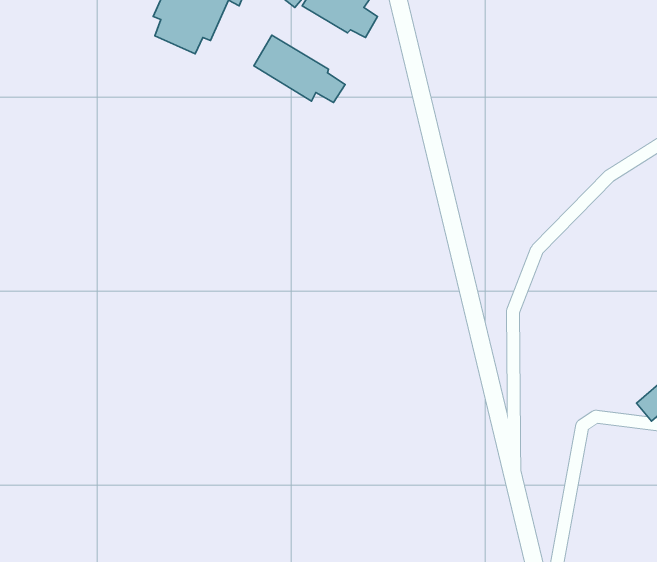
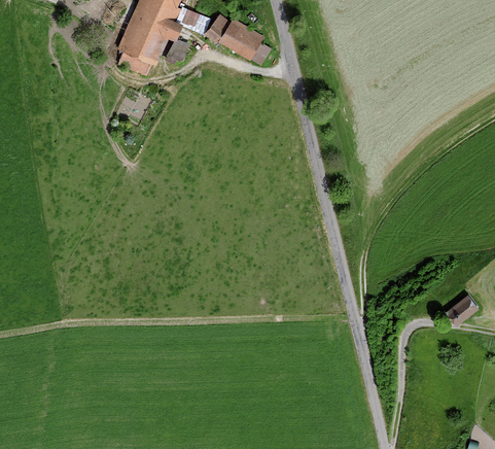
building: [254,35,345,103] -> none

